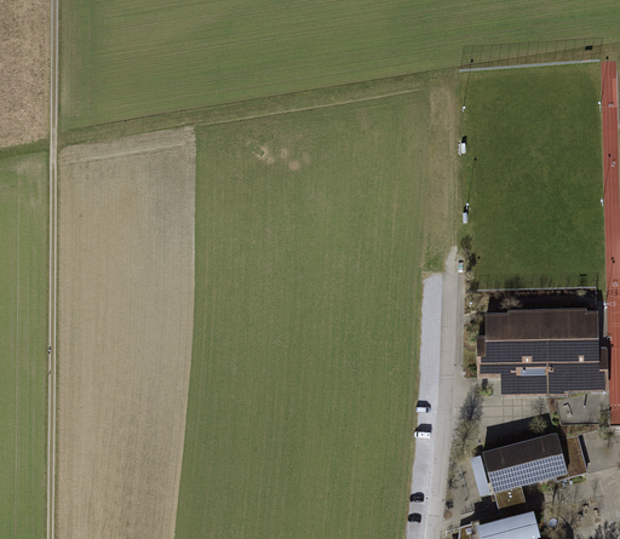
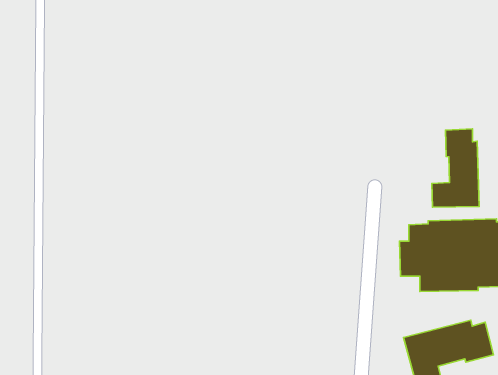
building: none -> [432,129,479,207]

